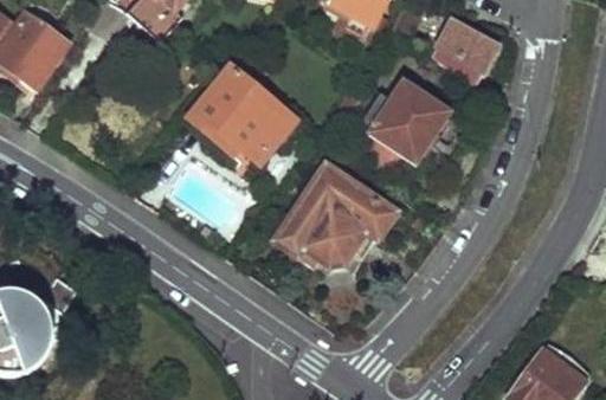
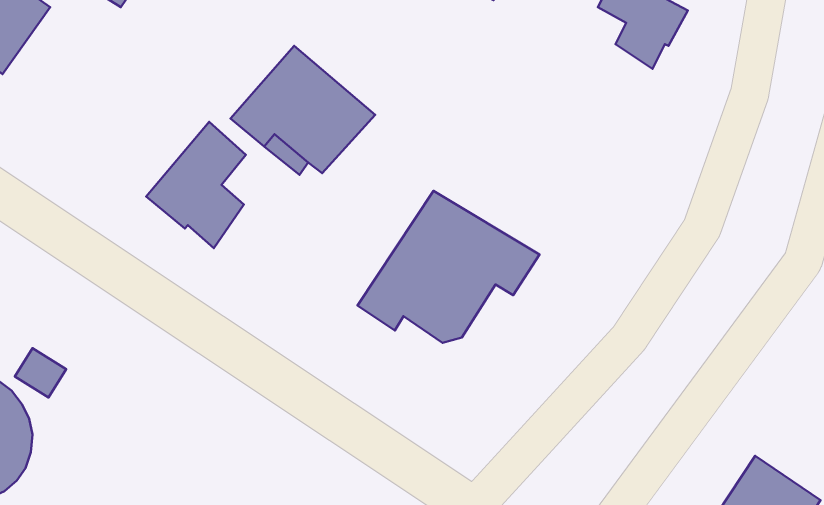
building: [361,84,447,166] -> none
building: none -> [146,122,246,248]

